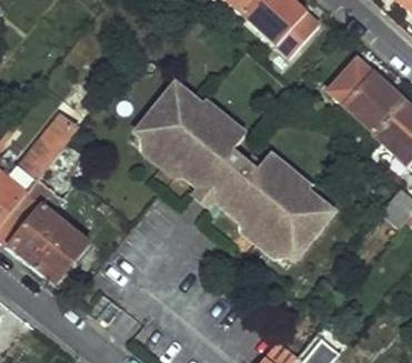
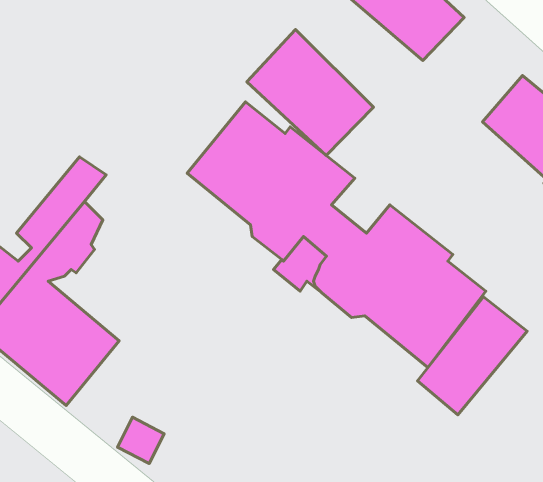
building: none -> [247,29,374,156]
building: none -> [417,297,527,415]

